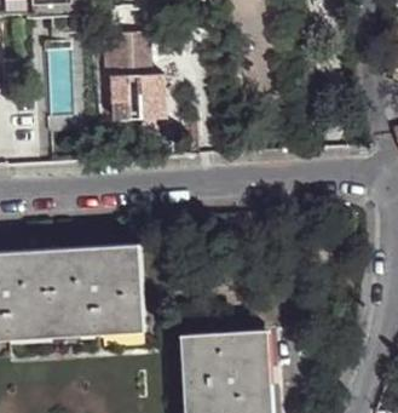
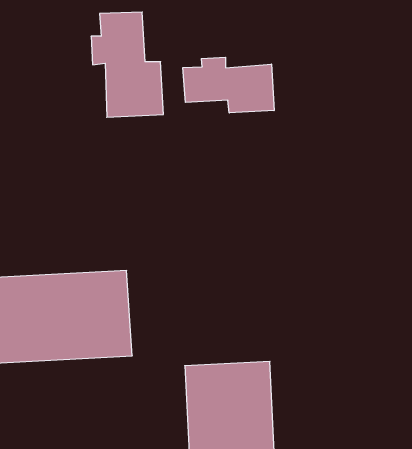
building: none -> [183,57,274,113]

